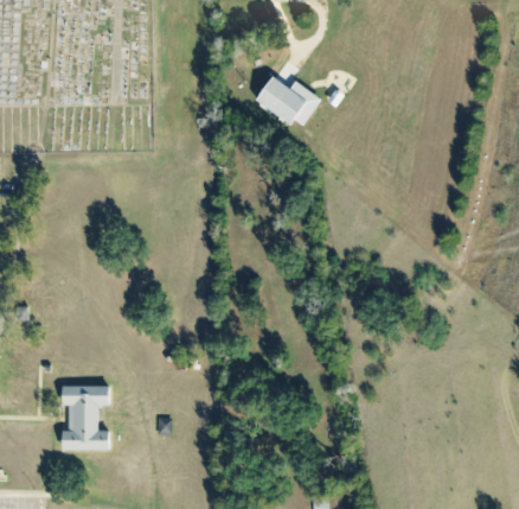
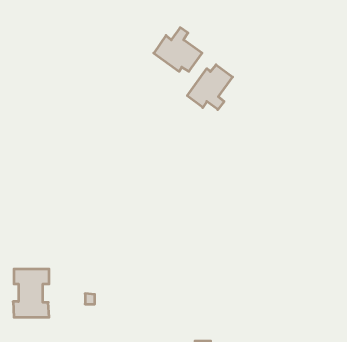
building: none -> [187,65,233,110]

